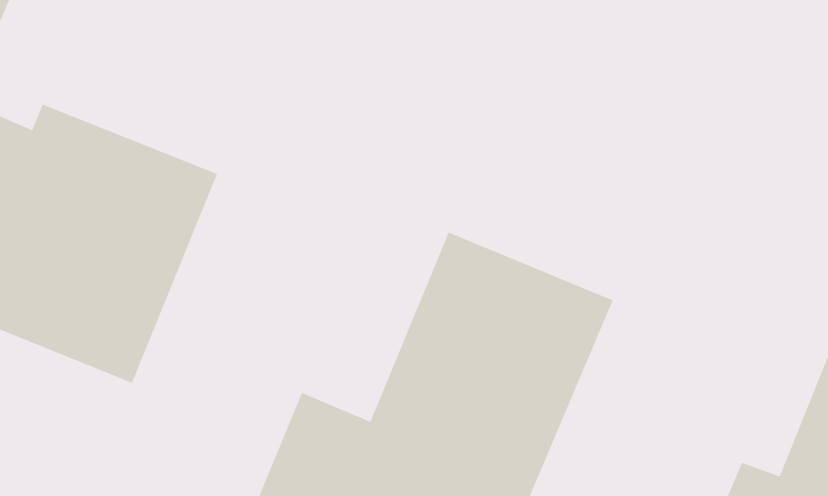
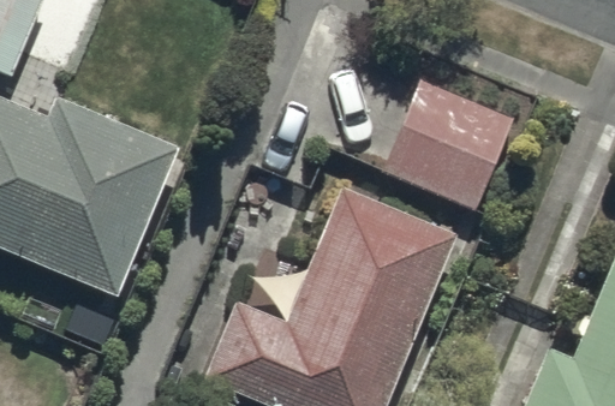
building: none -> [383,78,514,209]

